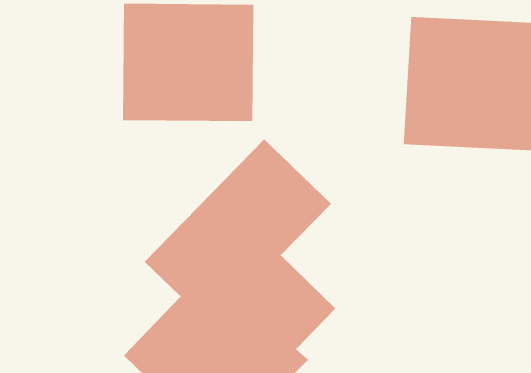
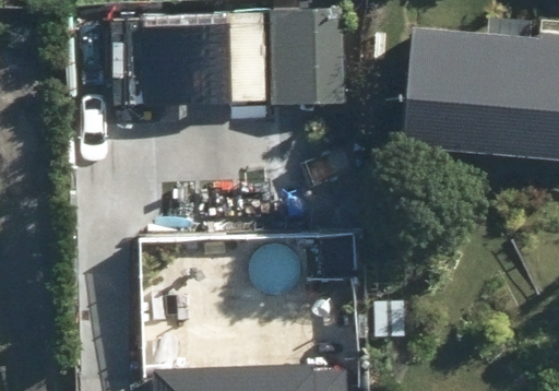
building: none -> [270,14,342,108]

